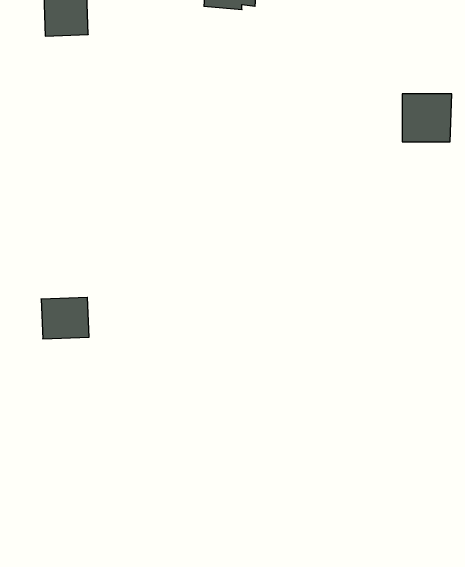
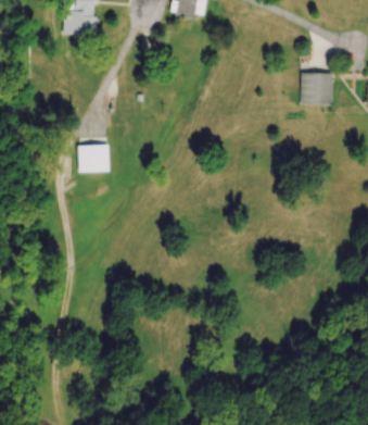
building: [41,297,89,339] -> [78,145,110,172]

